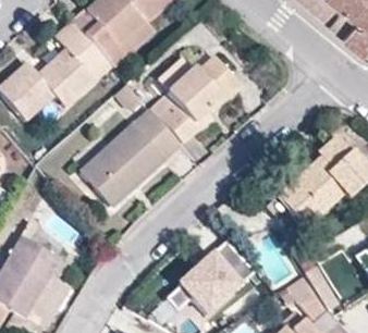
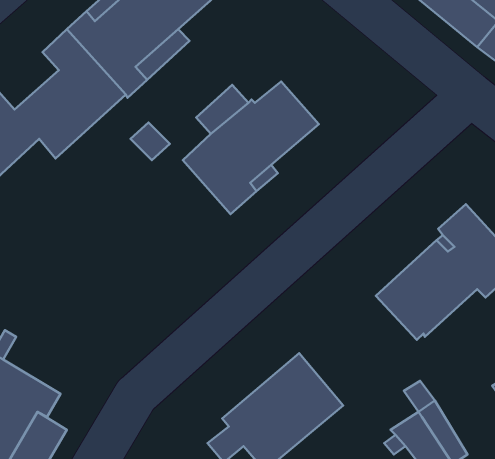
building: [79,109,181,206] -> none

